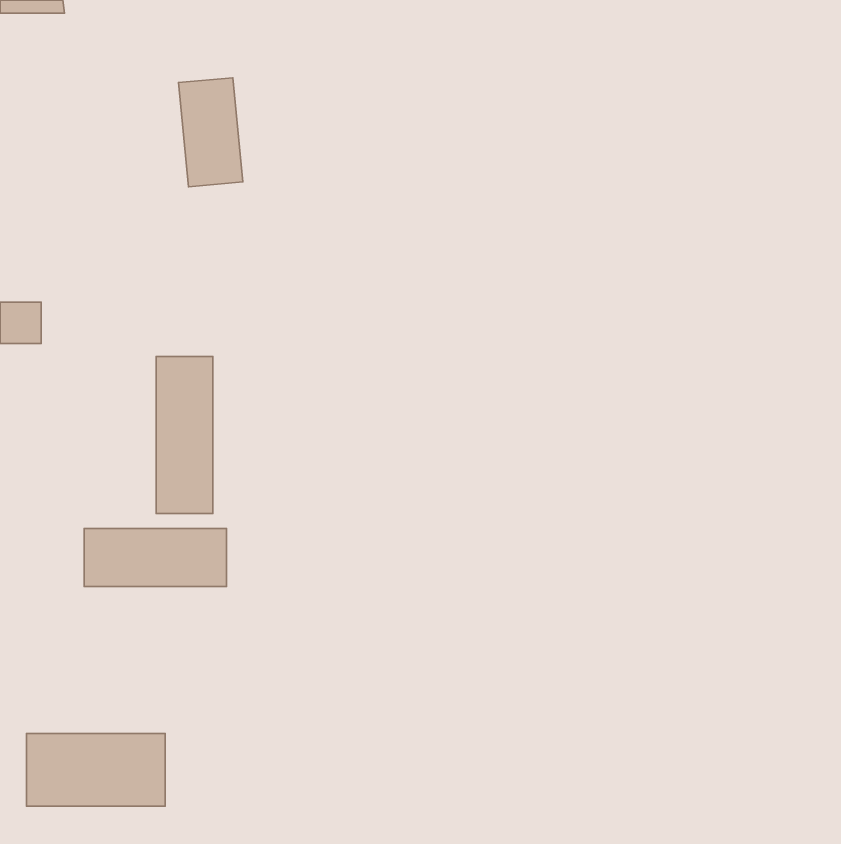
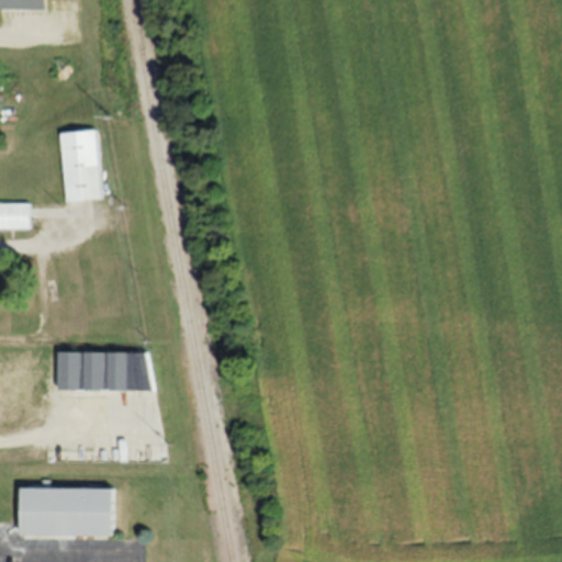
building: [178,78,243,187] -> [59,128,102,201]
building: [156,356,213,514] -> none

